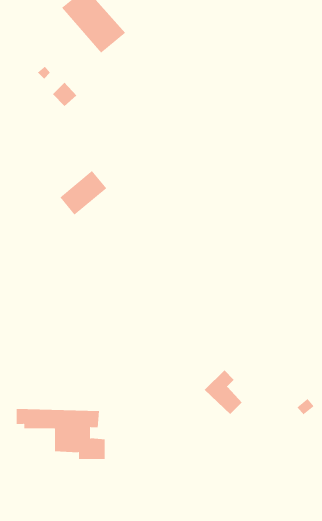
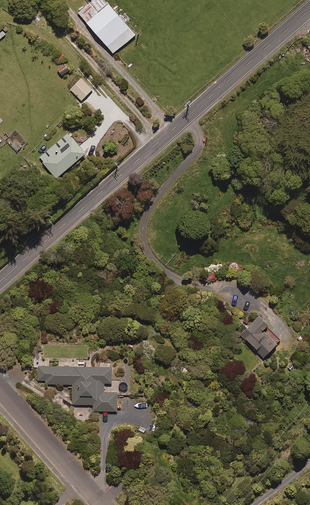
building: [59,170,107,216] -> [42,137,84,177]
building: [204,369,243,415] -> [241,317,275,357]

